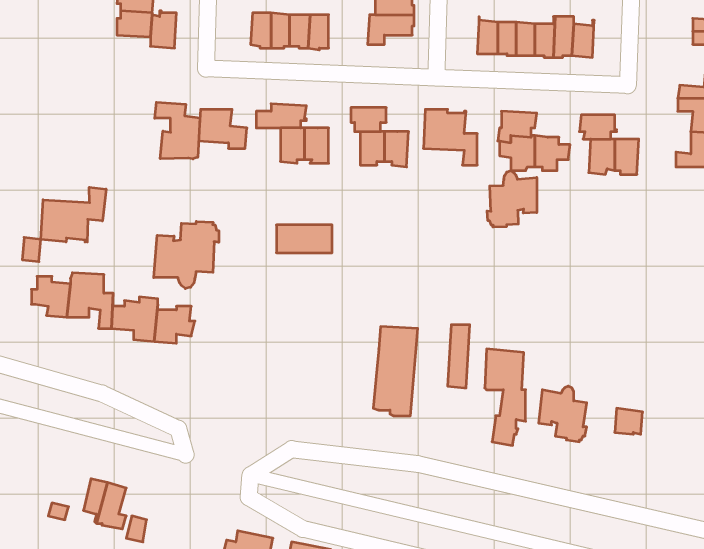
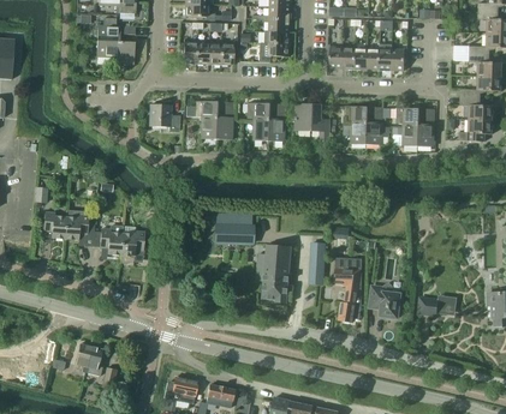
building: [155,102,200,159] -> none
building: [487,171,537,227] -> none
building: [41,187,106,242] -> none
building: [154,221,219,289] -> none
building: [276,225,332,253] -> [215,224,251,242]

